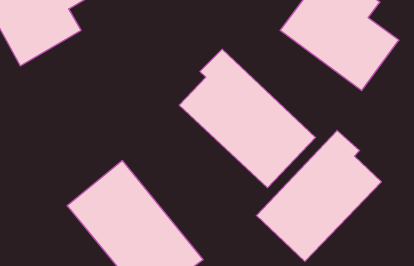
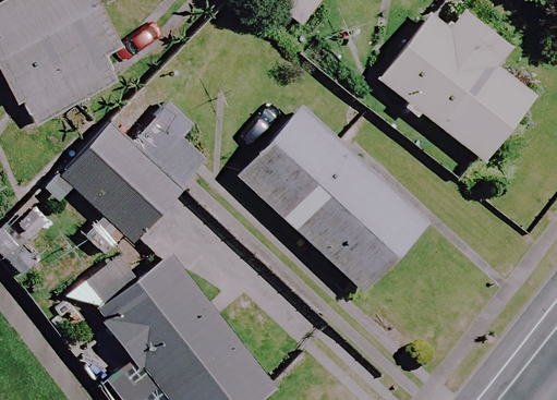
building: none -> [65,113,210,242]
building: [256,130,381,261] -> none

